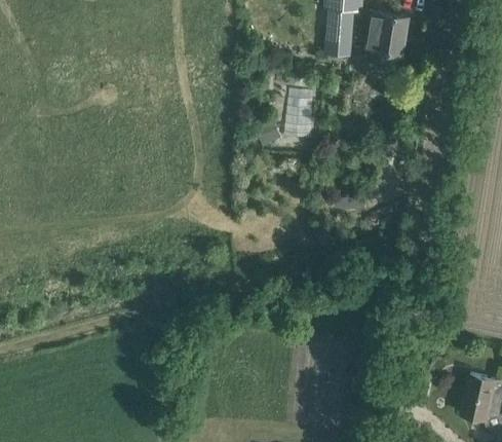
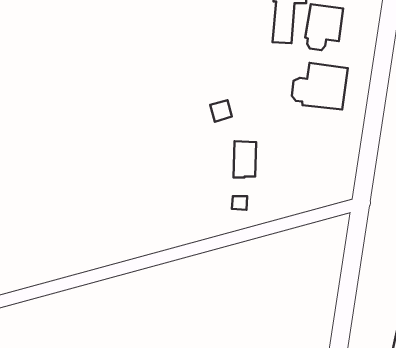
building: none -> [292,63,348,110]
building: [286,91,312,133] -> [233,141,256,177]

